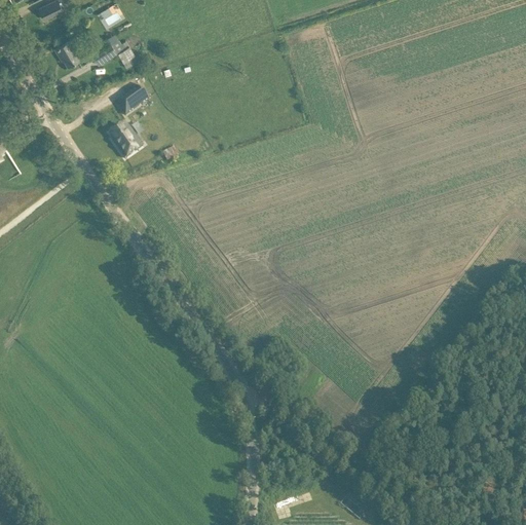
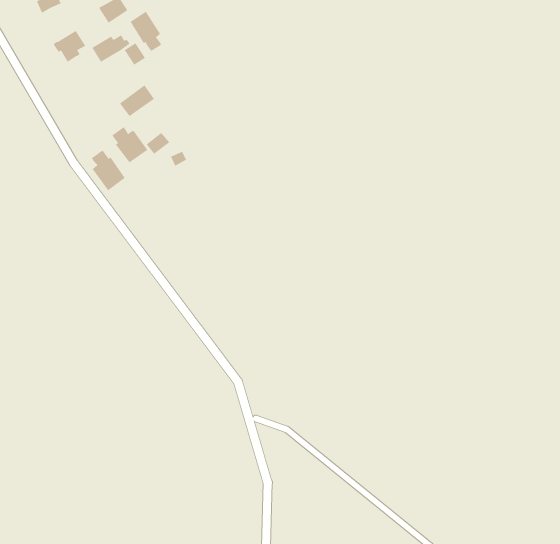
building: none -> [130,11,162,52]
building: none -> [91,150,125,191]

